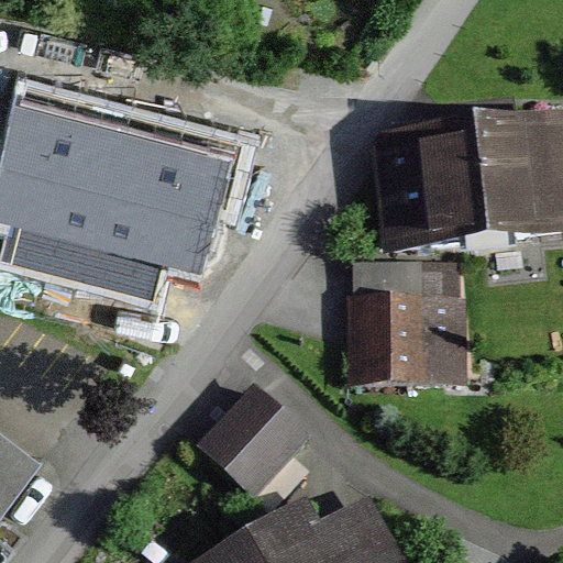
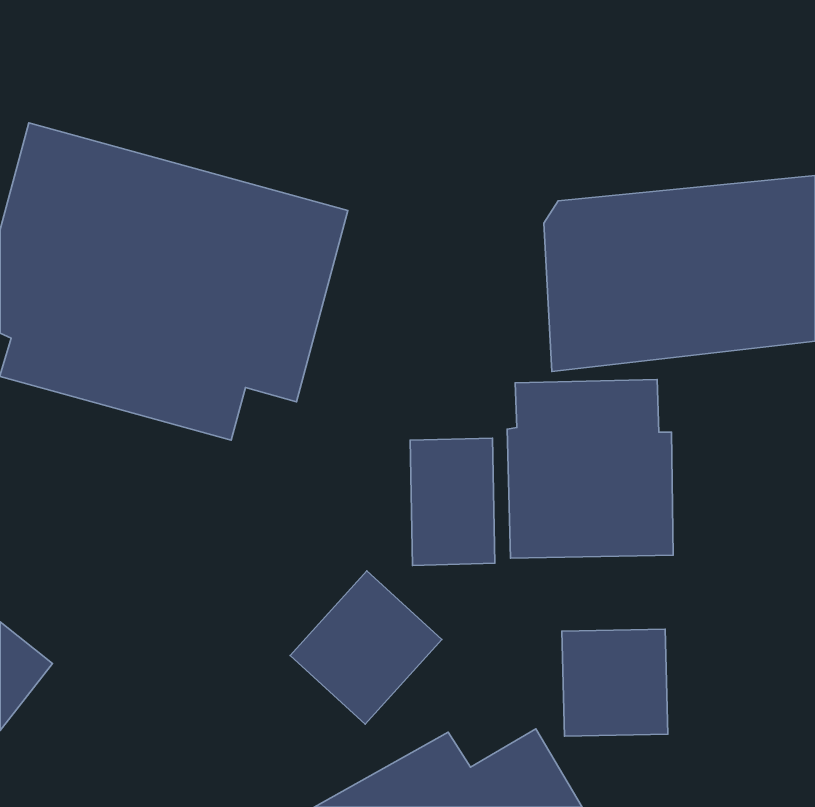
building: none -> [410,438,495,566]
building: none -> [562,629,668,736]

